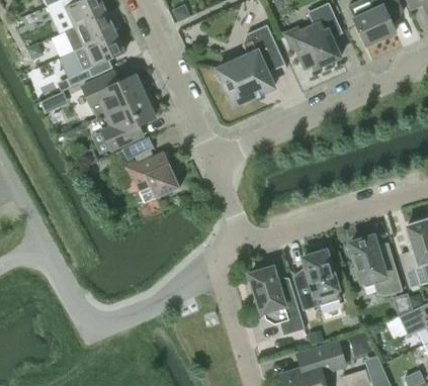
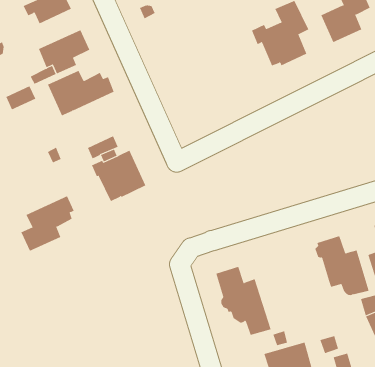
building: [64,12,115,52] -> none
building: [216,25,284,106] -> none
building: [102,94,156,150] -> [20,195,74,252]
building: [292,251,340,310] -> none

